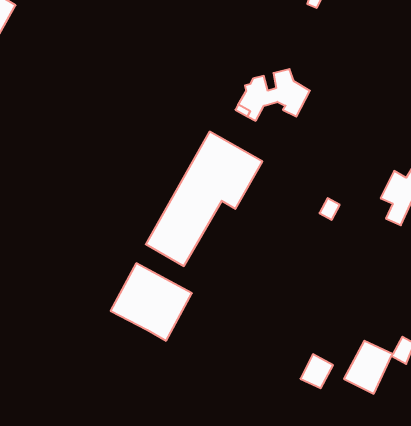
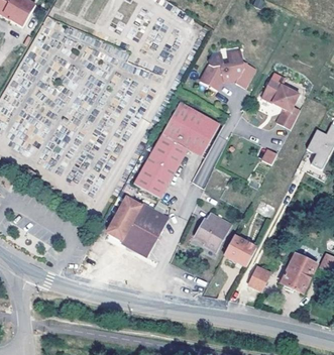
building: none -> [260,80,306,131]
building: none -> [195,213,231,251]
building: none -> [224,234,256,266]

